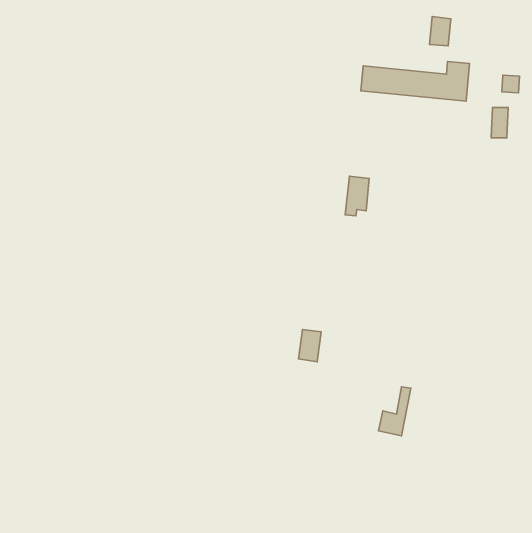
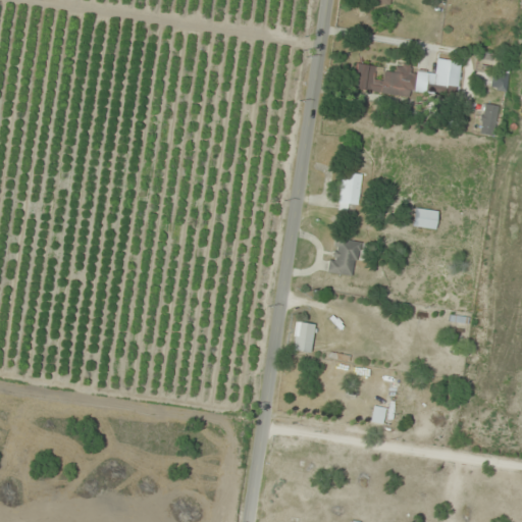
building: [430,17,451,46] -> none
building: none -> [412,209,437,229]
building: none -> [328,238,361,277]

